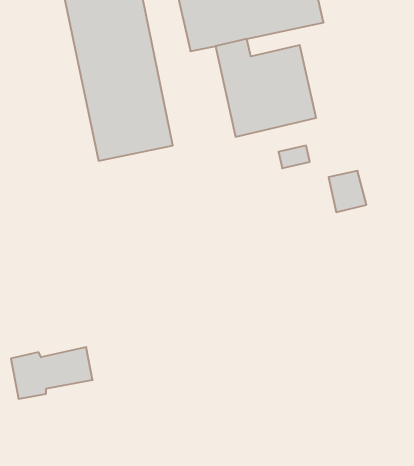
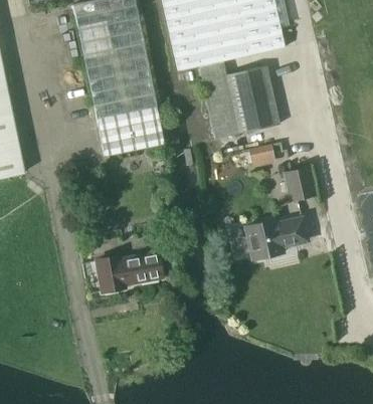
building: none -> [230,218,307,259]
building: [11,347,93,399] -> [98,250,163,291]

